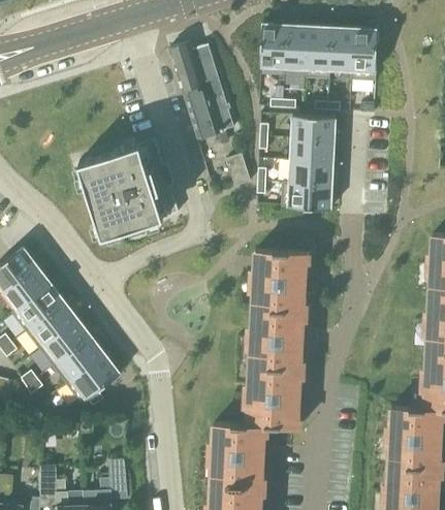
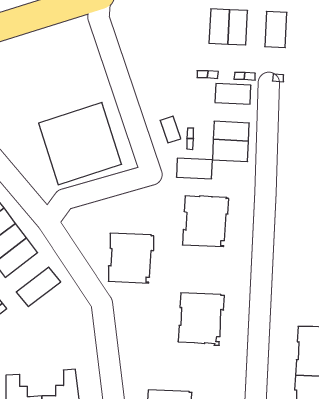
building: [260,24,287,67] -> none
building: [329,28,354,71] -> none
building: [168,43,234,140] -> none
building: [291,138,335,163] -> [176,158,212,179]
building: [251,310,306,370] -> [108,233,154,283]
building: [39,319,92,366] -> none
building: [67,354,121,407] -> none
building: [212,423,267,486] -> none

